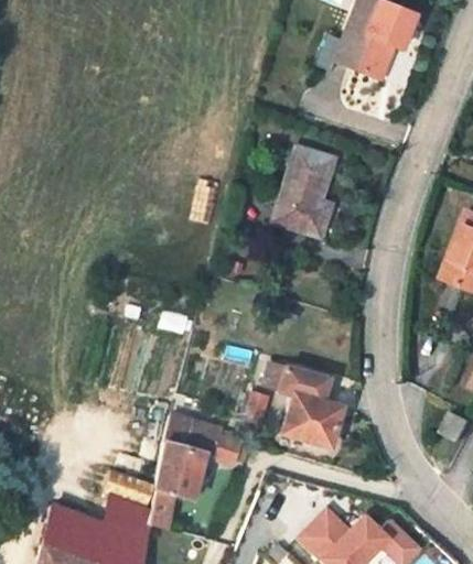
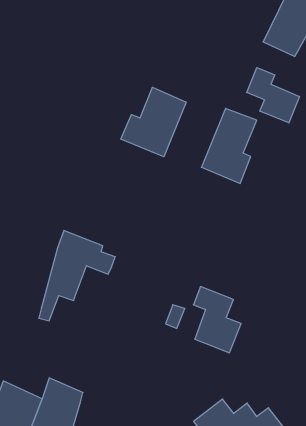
building: none -> [247,68,299,123]
building: none -> [121,87,186,157]
building: [151,414,238,527] -> [39,231,115,321]

